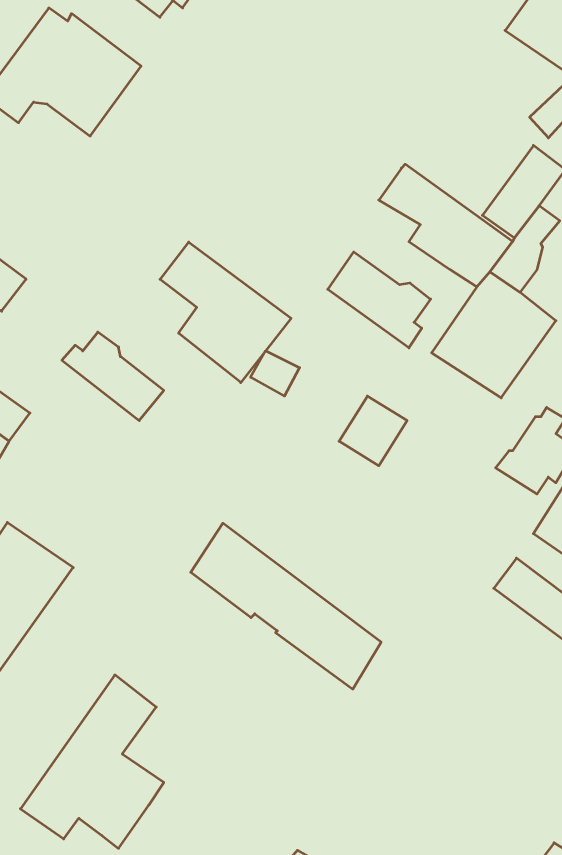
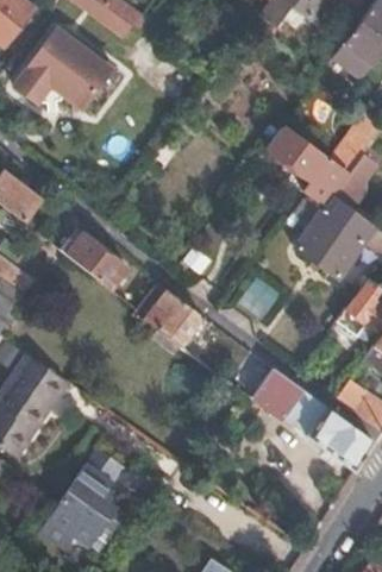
building: [160,242,291,383] -> none
building: [328,252,431,348] -> none
building: none -> [145,290,203,347]
building: [191,523,381,689] -> [253,367,374,472]

